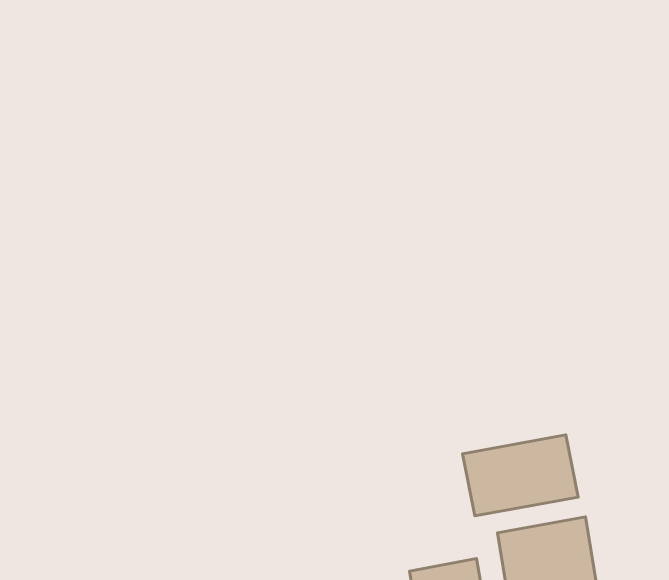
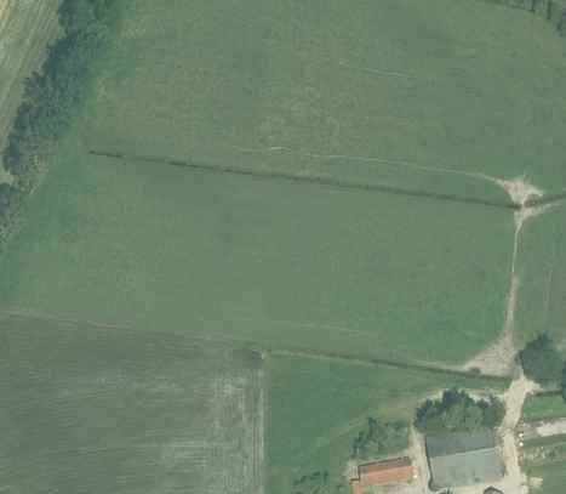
building: [462,435,578,516] -> none

